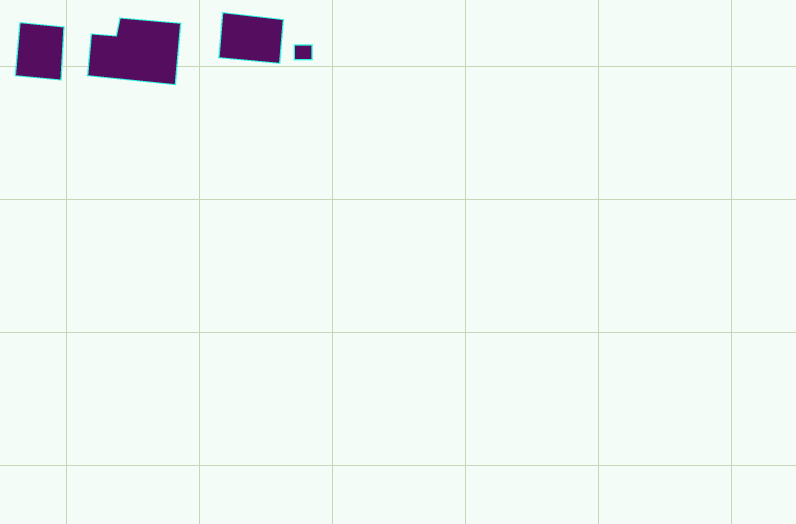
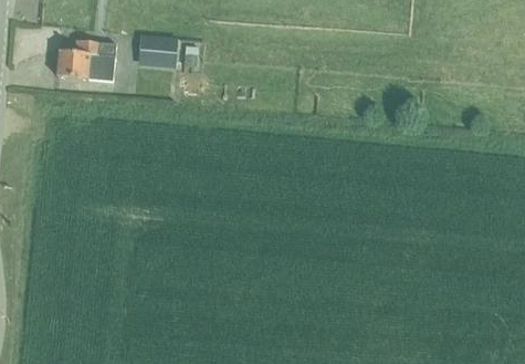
building: [16,23,64,80] -> none

